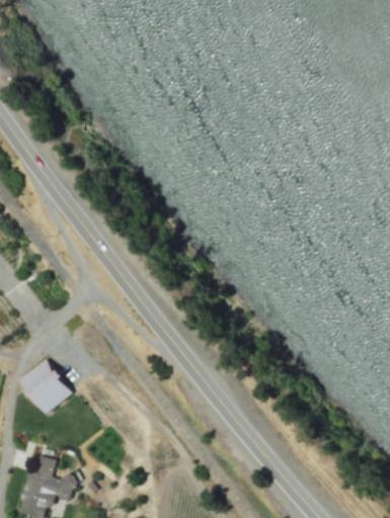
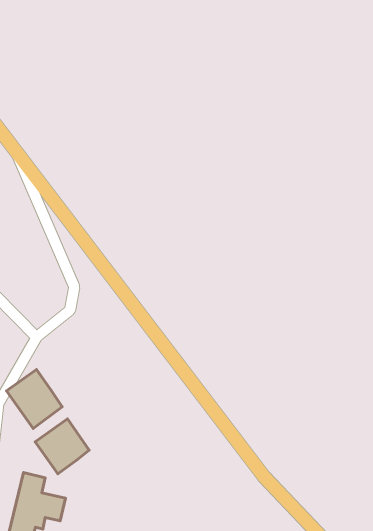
building: none -> [35,419,89,474]

